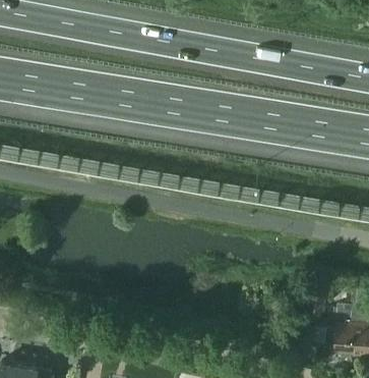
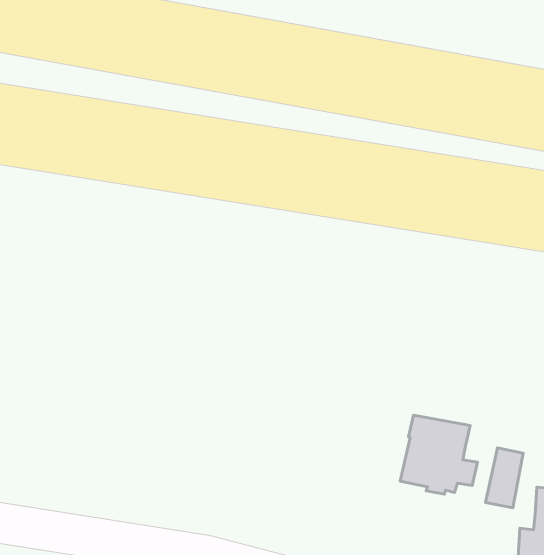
building: none -> [400,415,478,494]

